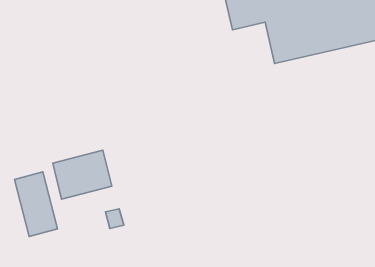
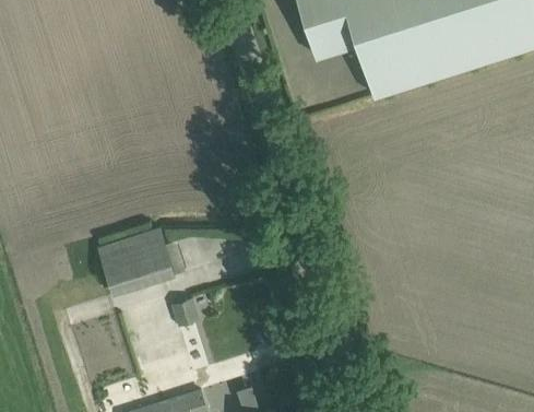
building: [15,172,58,237] -> none

